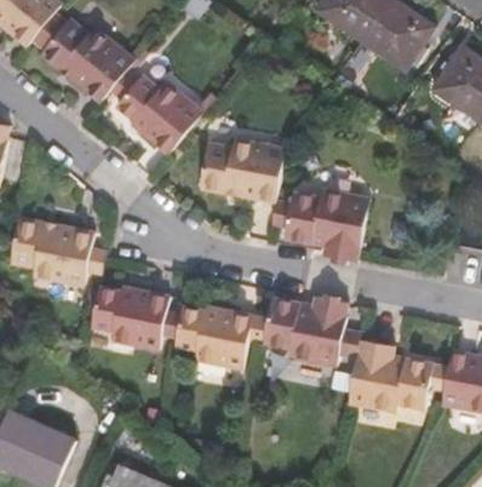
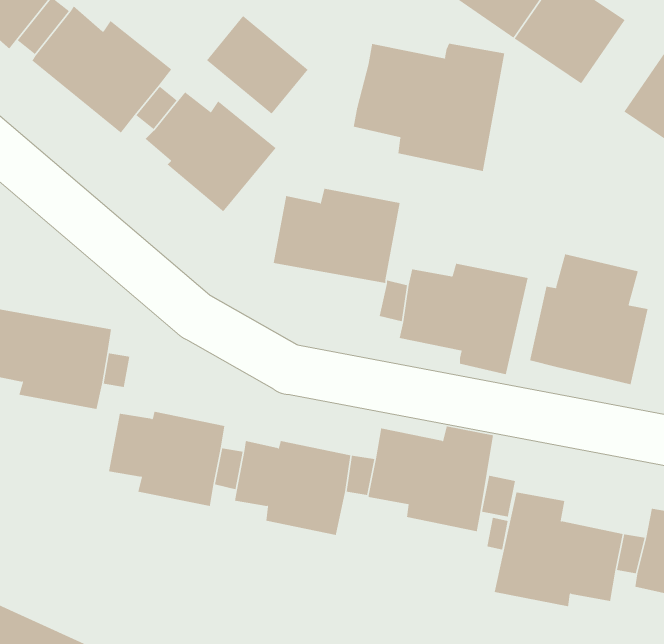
building: none -> [206,15,308,115]
building: none -> [353,43,505,172]
building: none -> [530,253,648,385]

